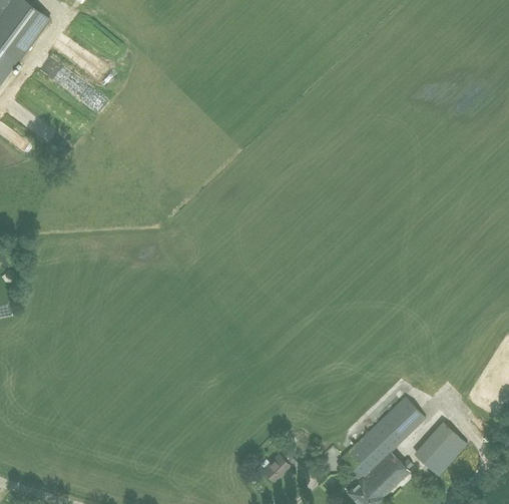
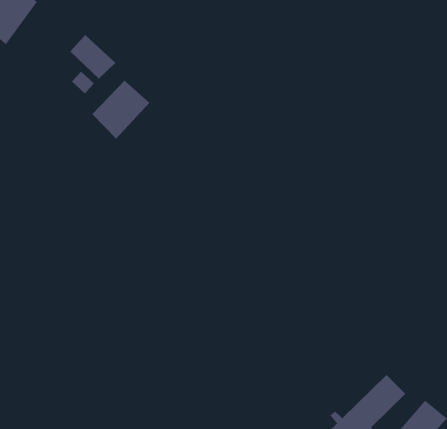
building: none -> [70,34,116,80]
building: none -> [91,80,150,139]

